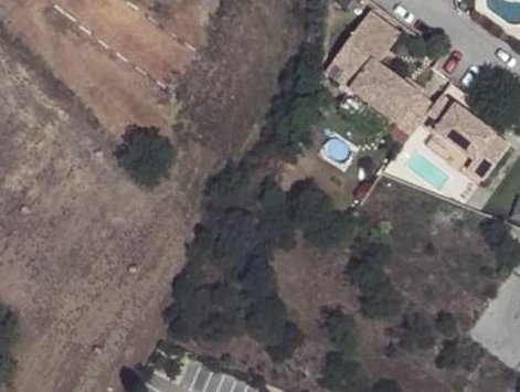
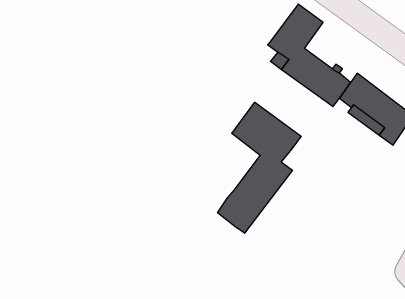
building: none -> [218,102,301,233]

